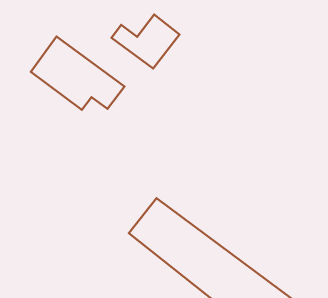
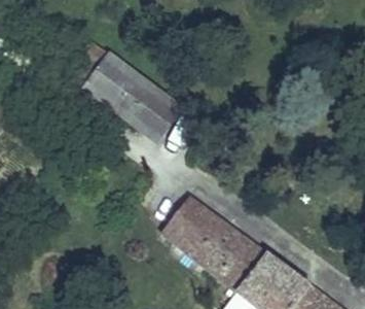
building: [112,14,180,69] -> [117,89,183,141]

